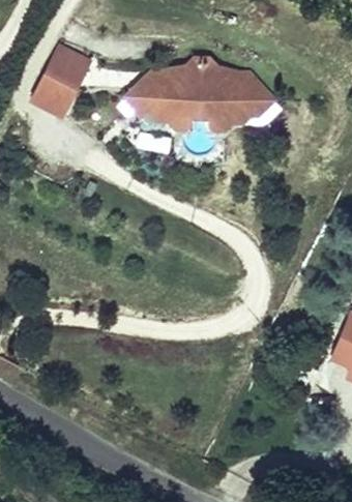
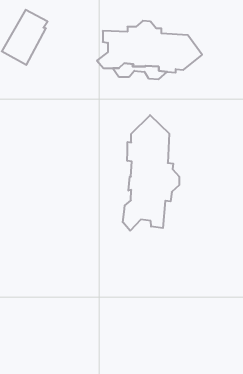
building: [125,68,163,112] -> none
building: none -> [123,115,179,231]

